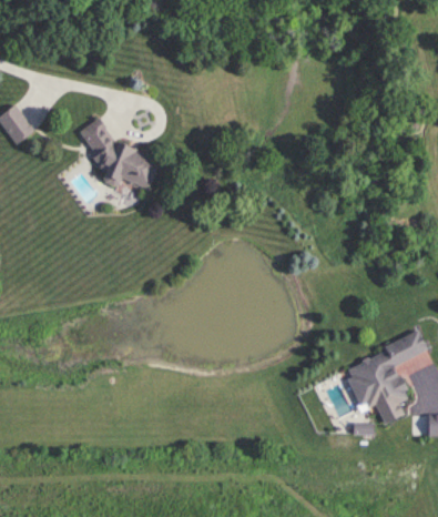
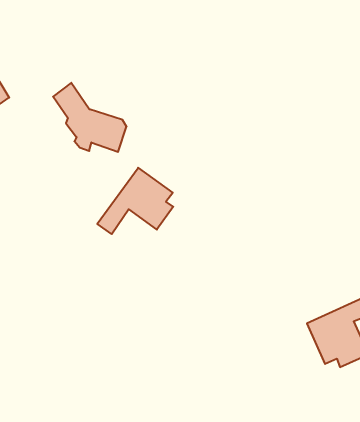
building: none -> [97,168,173,234]

